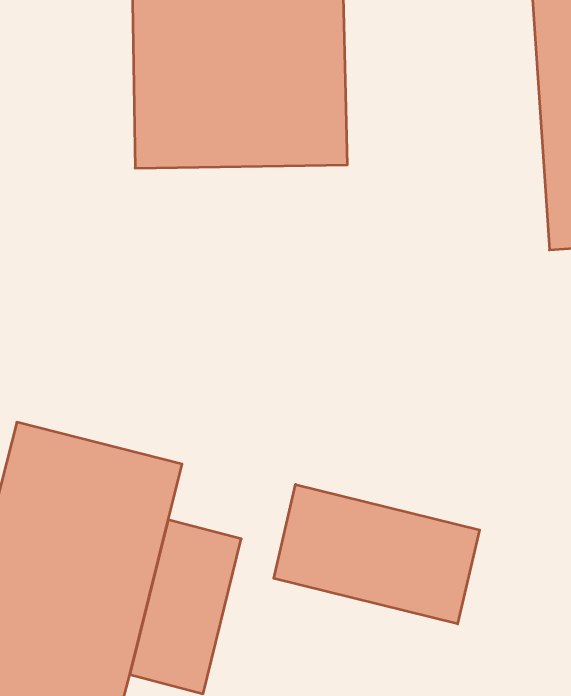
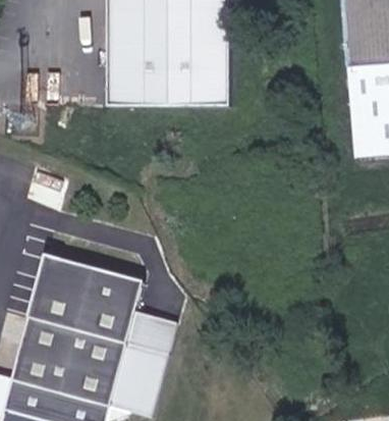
building: [274,484,480,624] -> none

